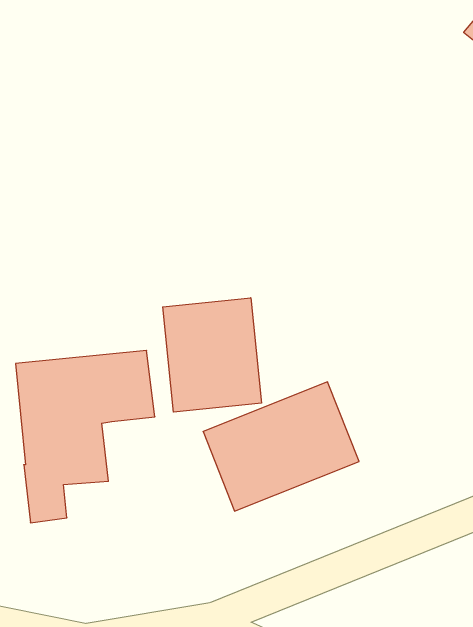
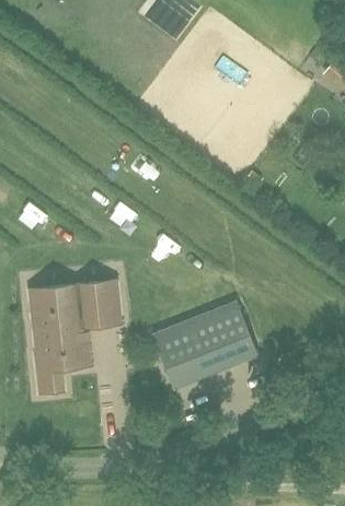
building: [163,298,261,412] -> none

